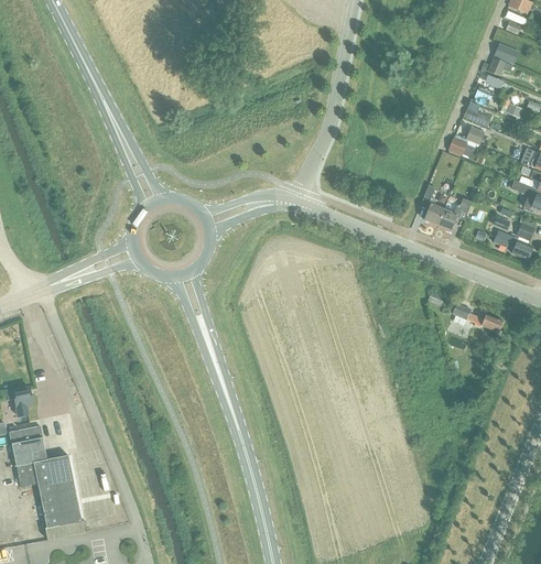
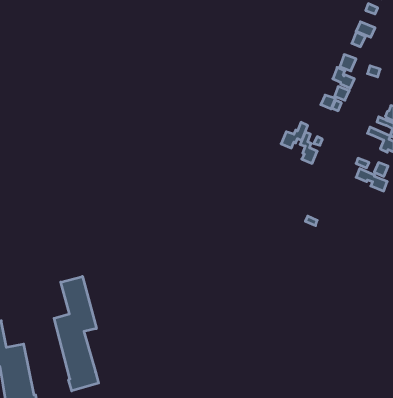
building: [436,196,470,229] -> [281,122,308,148]
building: [448,303,504,333] -> none
building: none -> [54,276,99,391]

